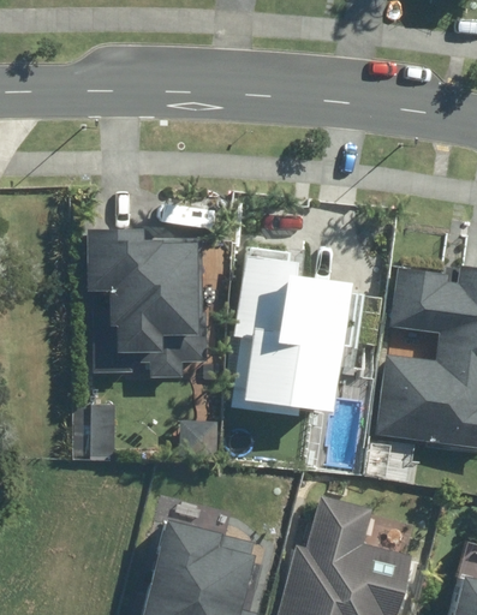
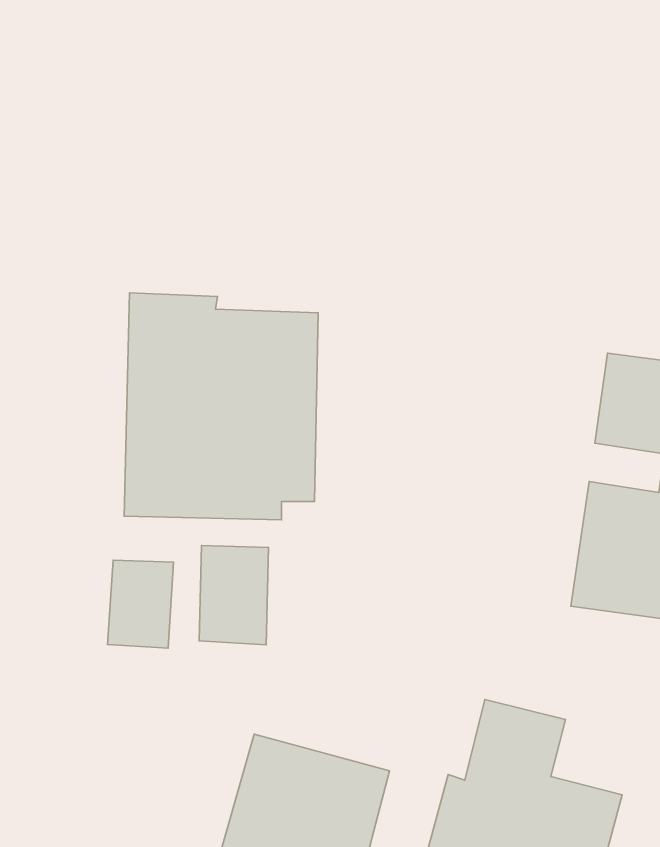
building: [232,252,352,419] -> none
building: none -> [199,545,269,645]

